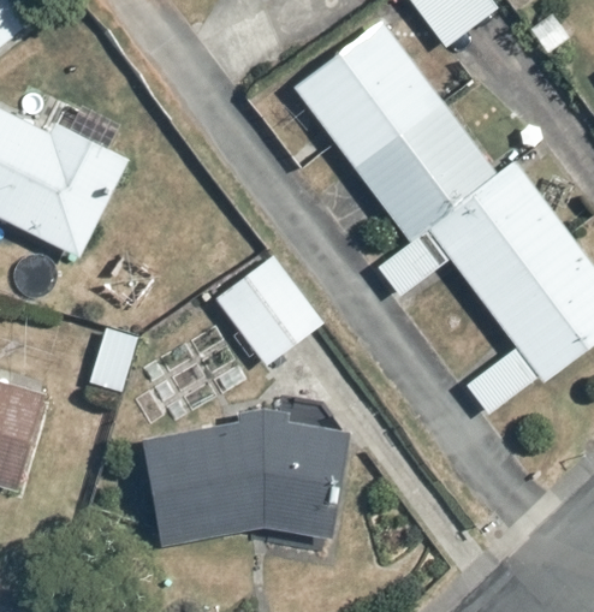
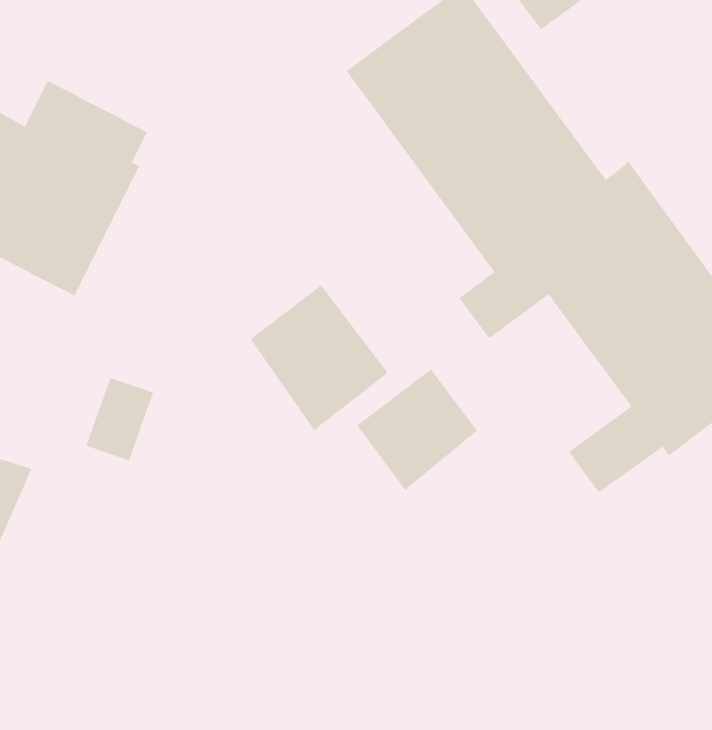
building: none -> [356,368,478,491]
building: [137,408,348,549] -> none

